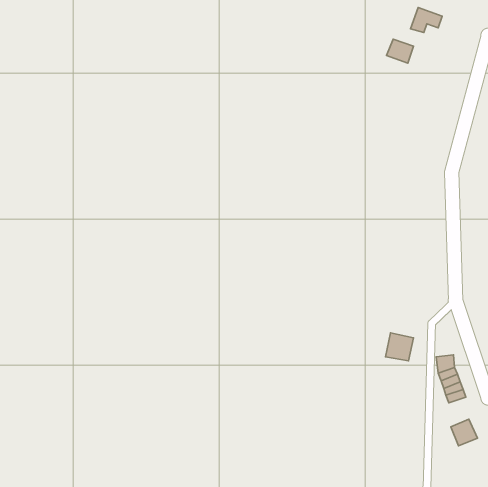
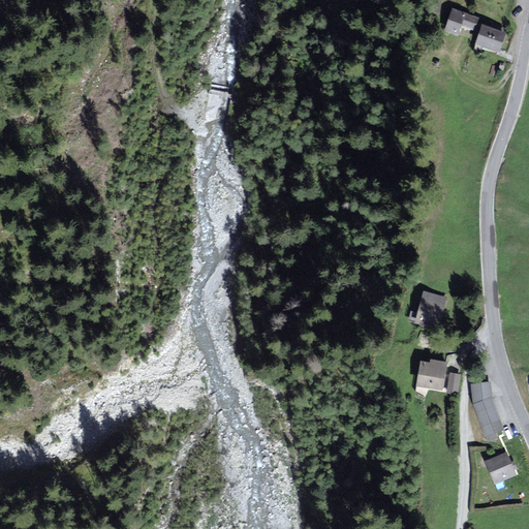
building: [387,39,413,63] -> [475,25,504,51]
building: none -> [416,291,445,322]

